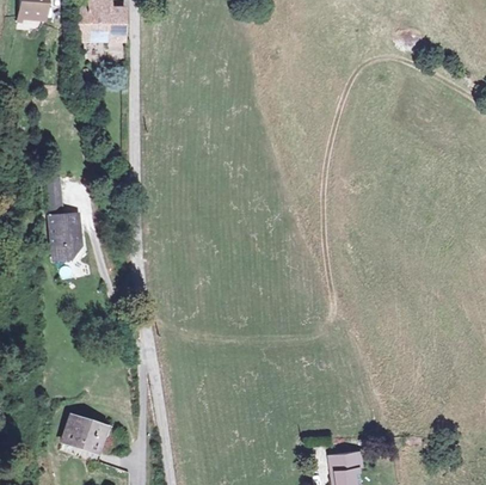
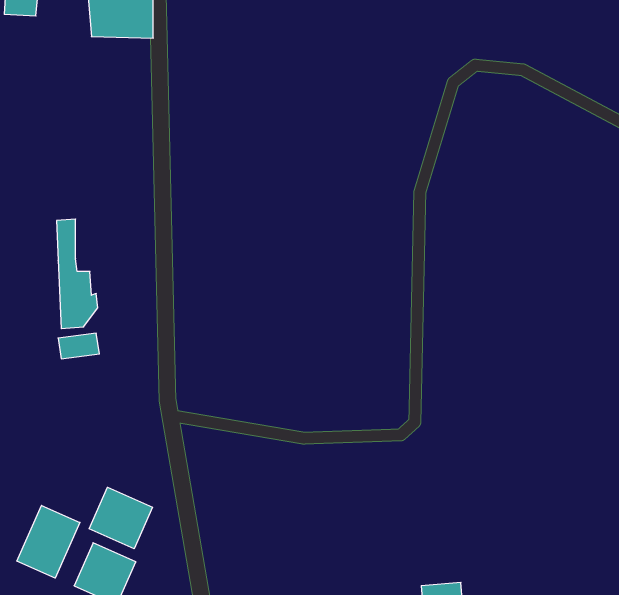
building: none -> [89,487,152,549]
building: none -> [17,505,80,578]

